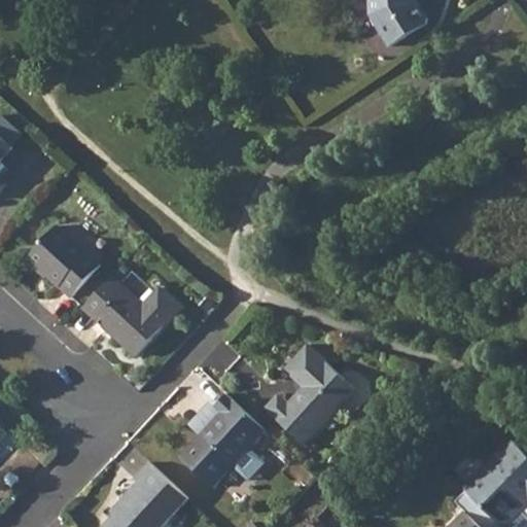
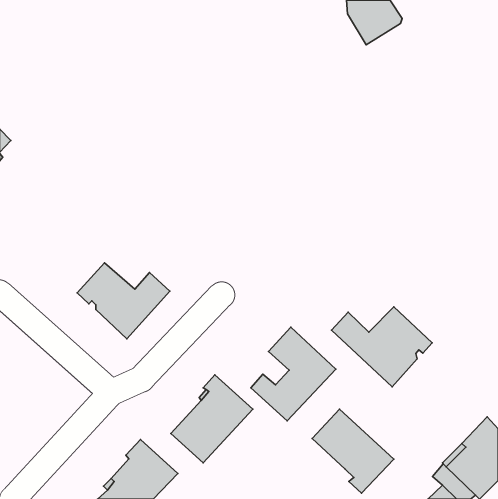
building: [27,226,100,298] -> none
building: none -> [332,307,432,387]
building: none -> [312,409,394,493]

